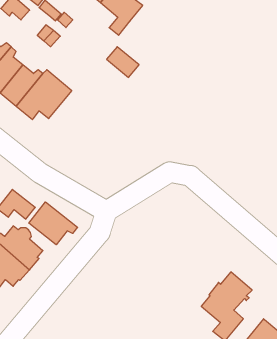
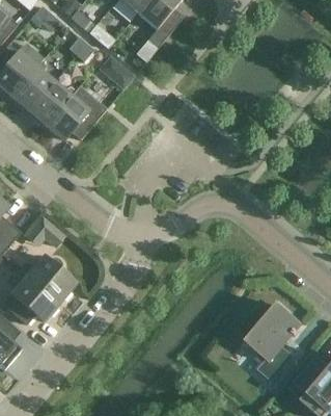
building: [107,47,139,77] -> [99,54,134,87]
building: [29,202,78,245] -> none

